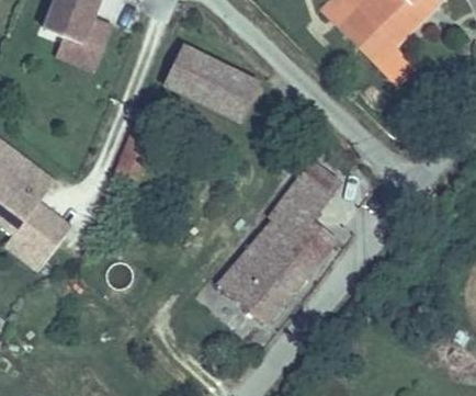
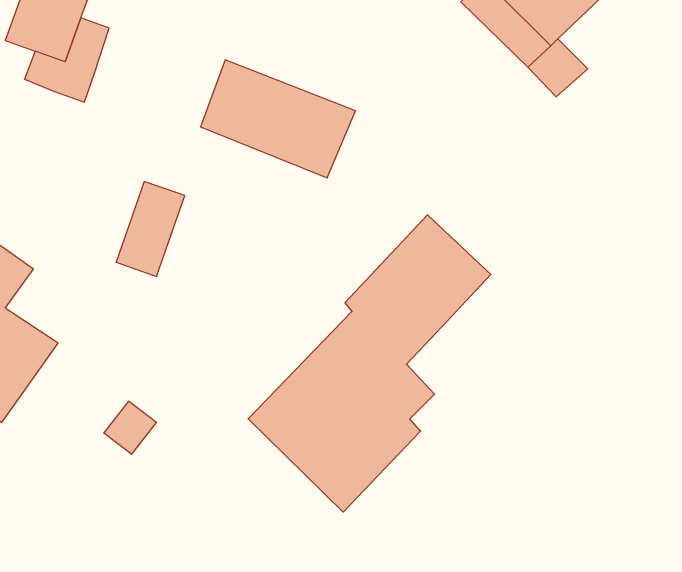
building: [295,219,339,281] -> none

